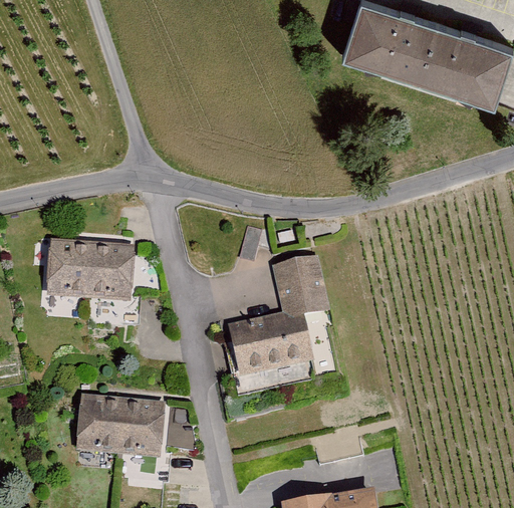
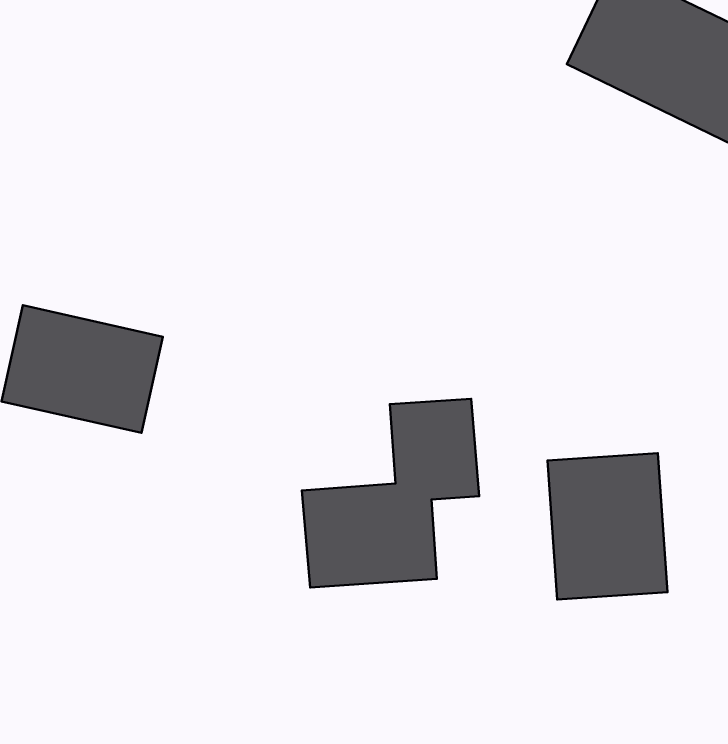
building: none -> [548,453,668,600]
building: [74,395,166,460] -> none

